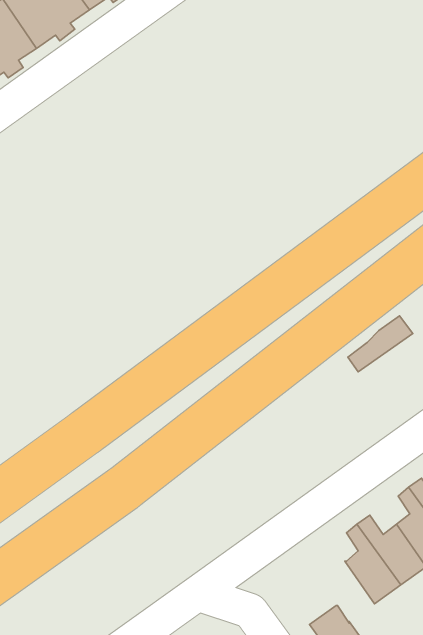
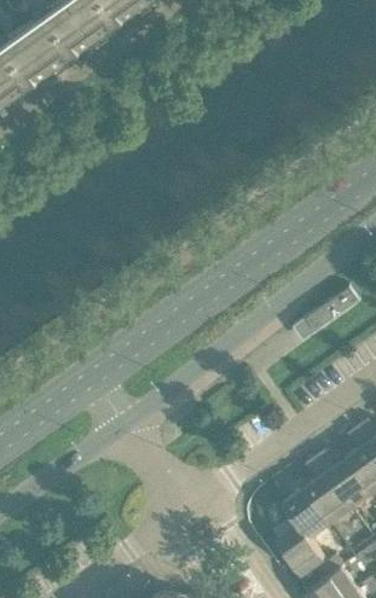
building: none -> [282,483,328,540]

